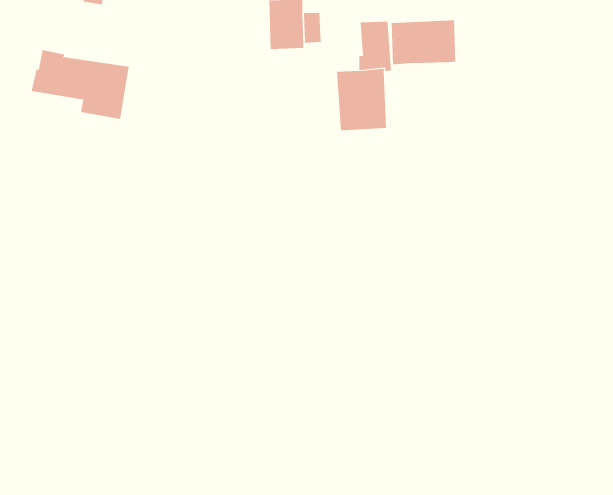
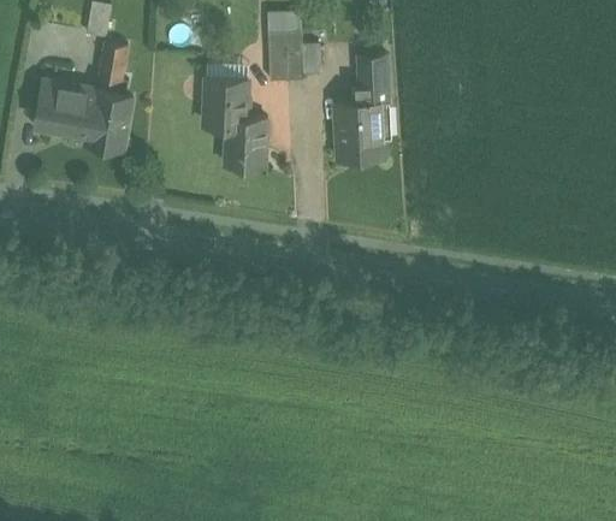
building: none -> [97,41,128,82]
building: [391,19,456,65] -> none
building: none -> [203,78,267,166]

